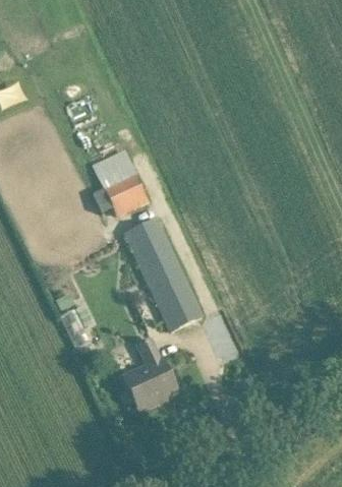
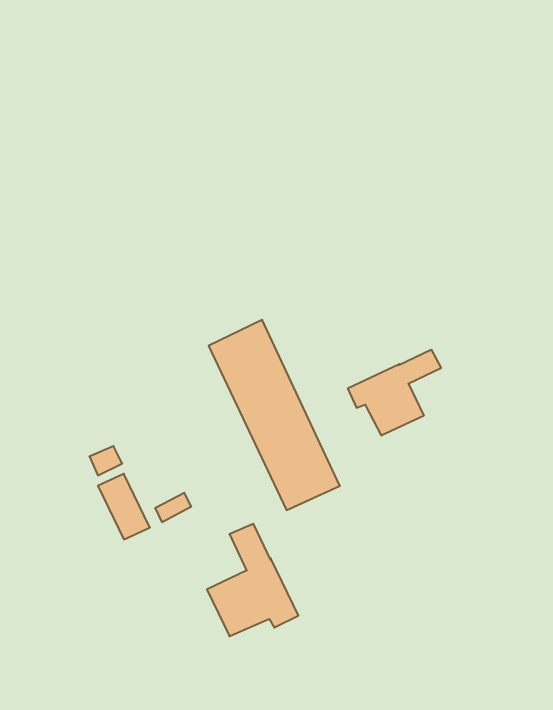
building: [92,150,149,216] -> none
building: none -> [348,350,441,436]

